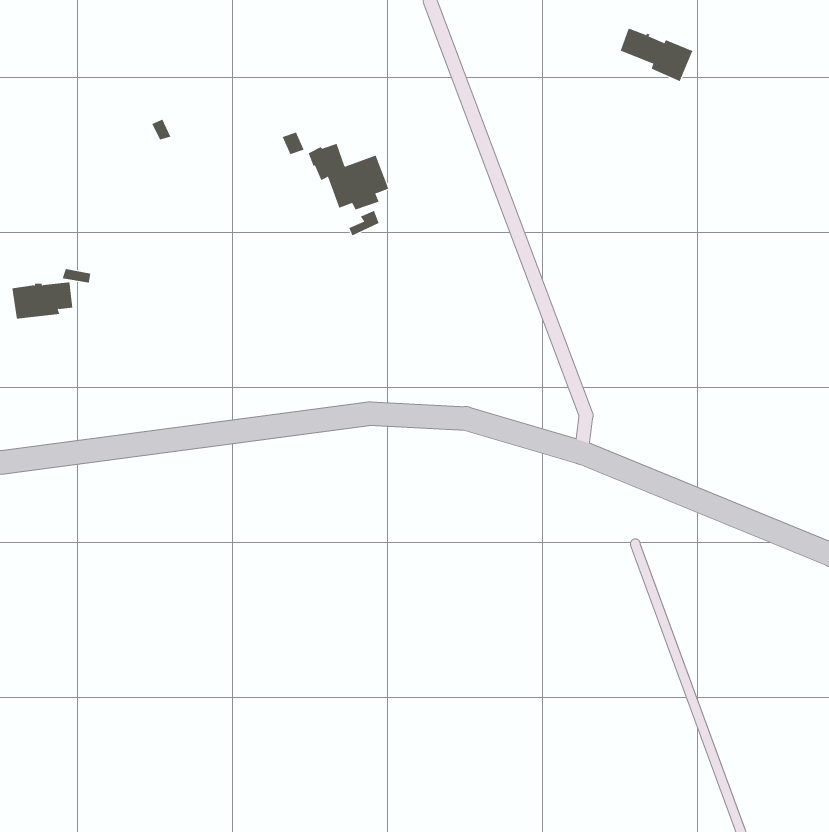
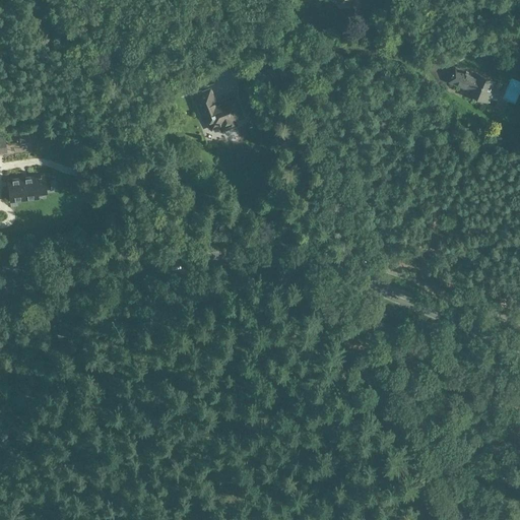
building: [620,28,693,82] -> [452,68,498,102]

